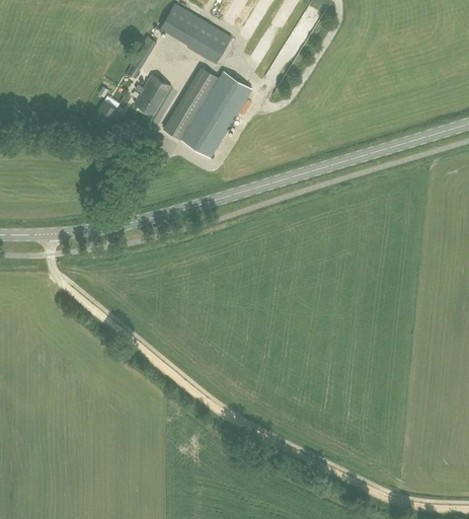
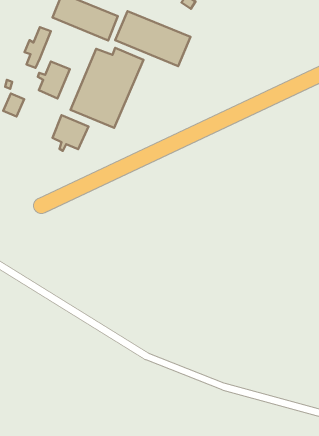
building: none -> [115,11,191,66]
building: none -> [53,115,88,151]

